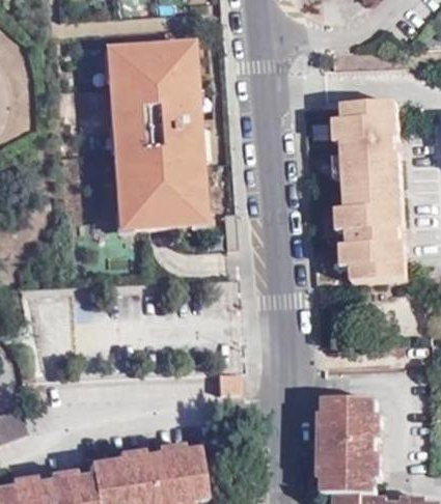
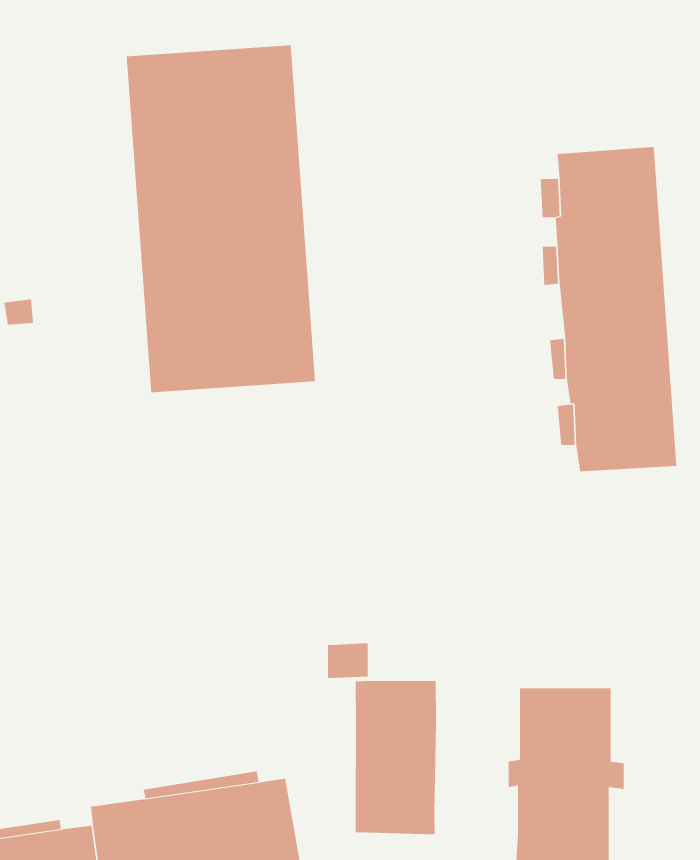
building: none -> [355,680,437,835]

